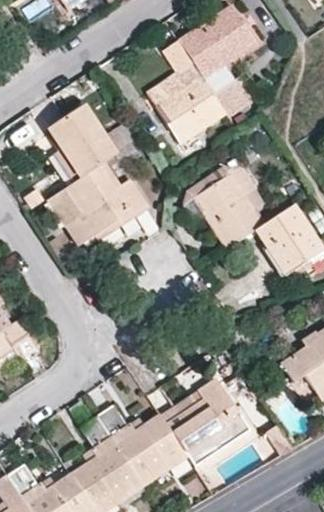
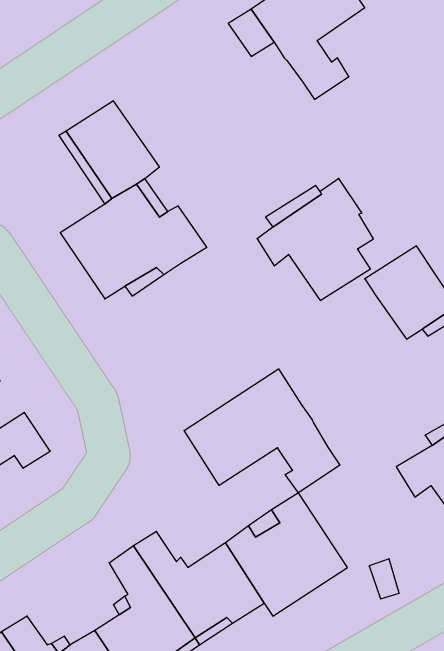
building: [156,76,226,140] -> none
building: none -> [184,369,340,493]

